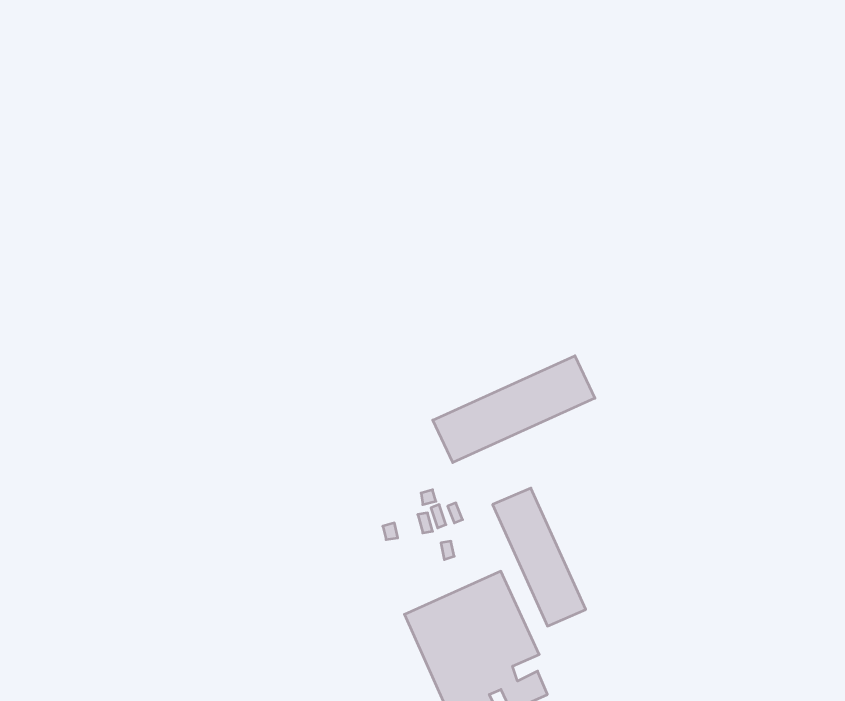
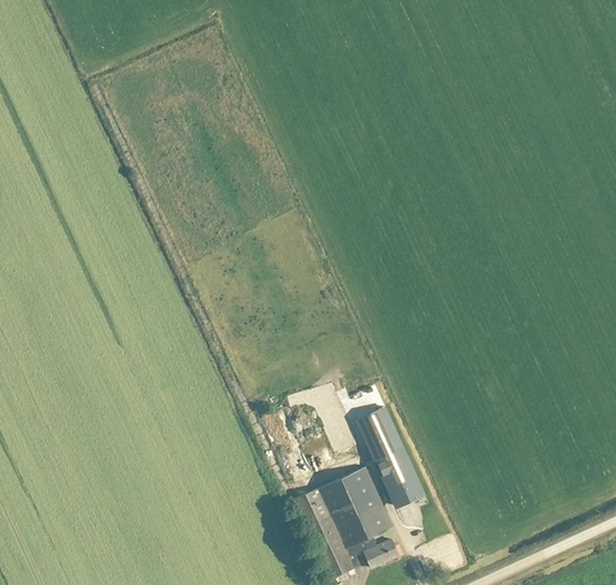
building: [433,356,595,463] -> none

